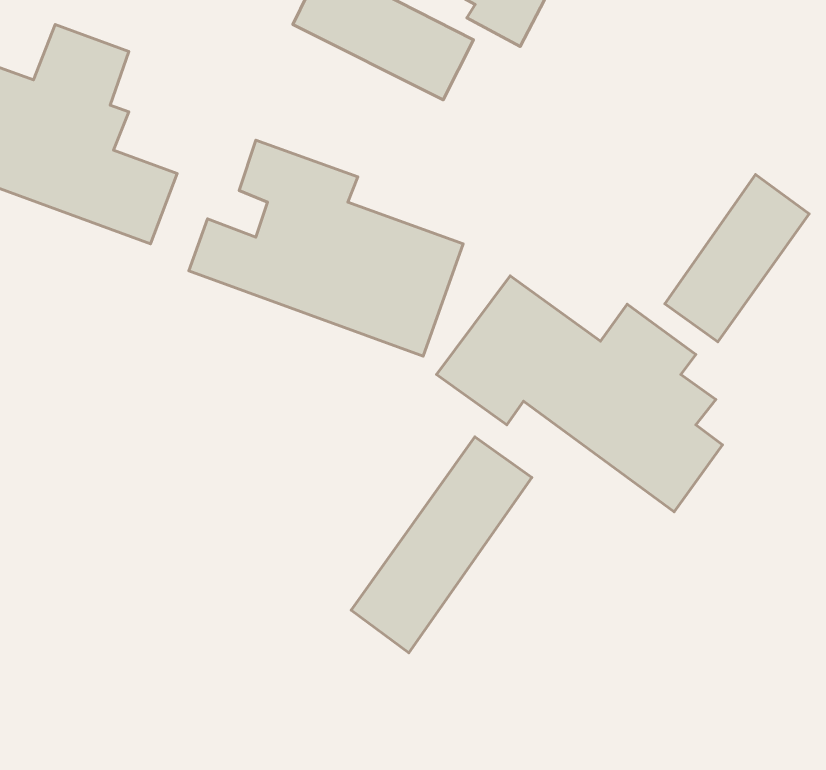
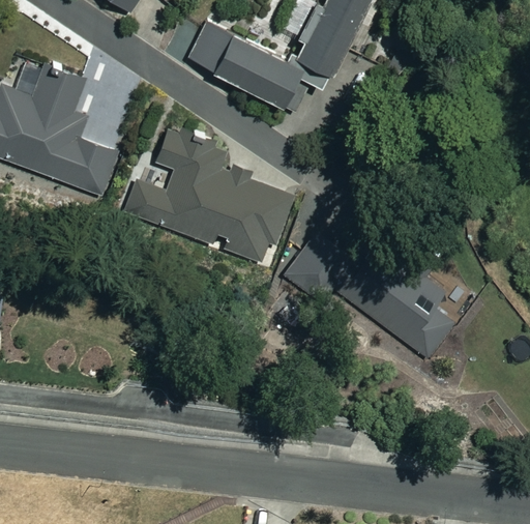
building: [665,175,809,342] -> none
building: [351,437,532,653] -> none

